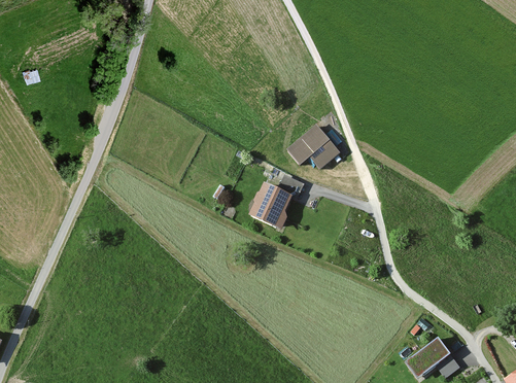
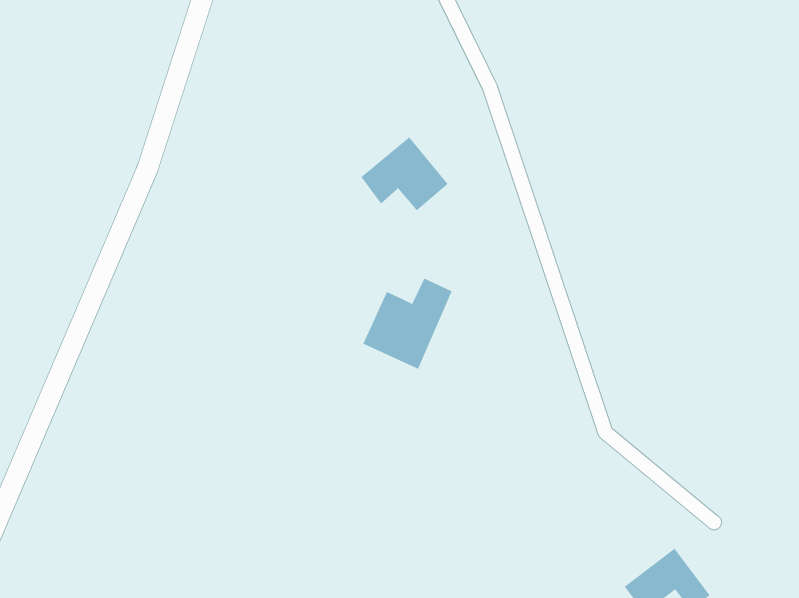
building: [286,125,340,170] -> [360,136,449,211]

